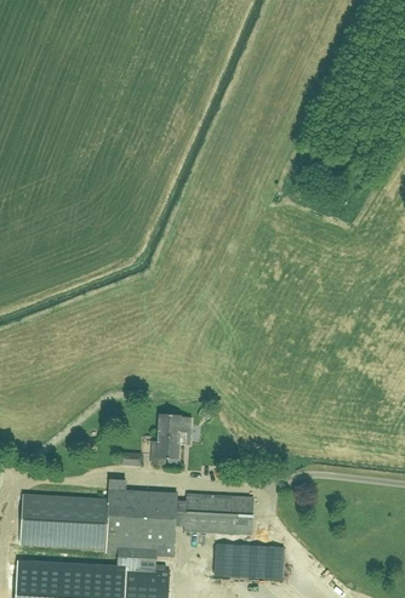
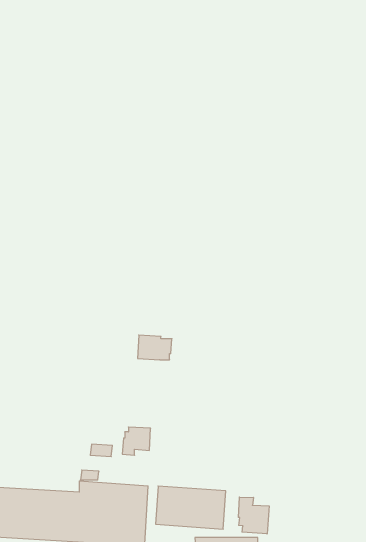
building: [156,414,190,438] -> [138,335,172,360]
building: none -> [238,497,269,534]

